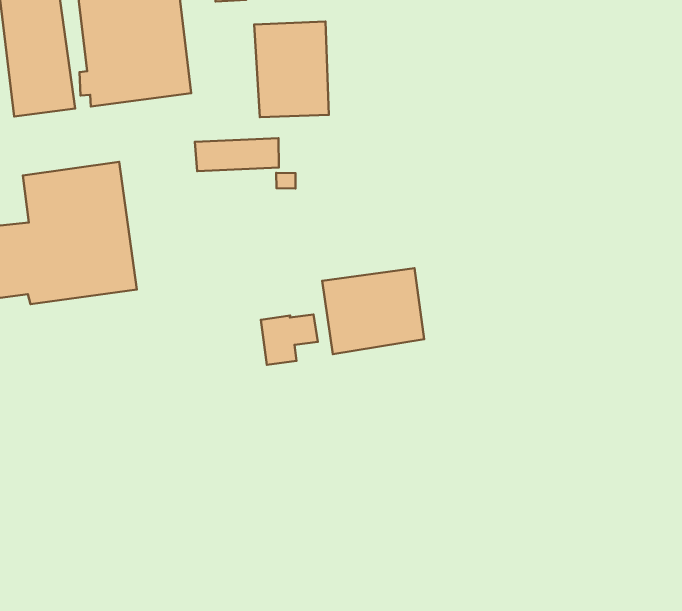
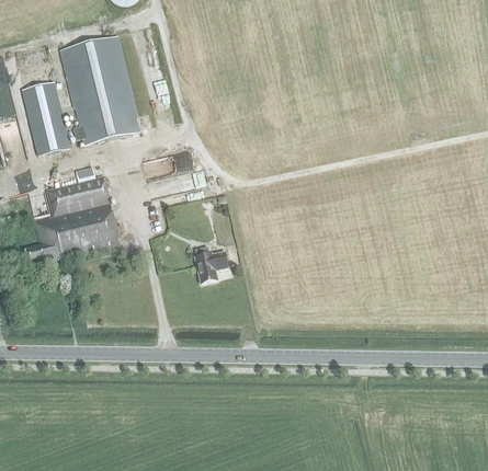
building: [254,21,329,117] -> none
building: [322,268,424,354] -> none

